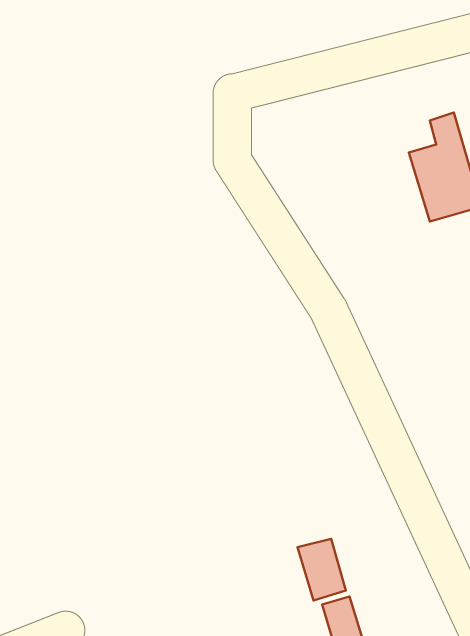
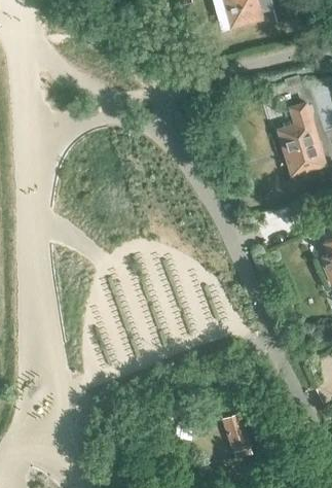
building: [298,539,346,600] -> none

